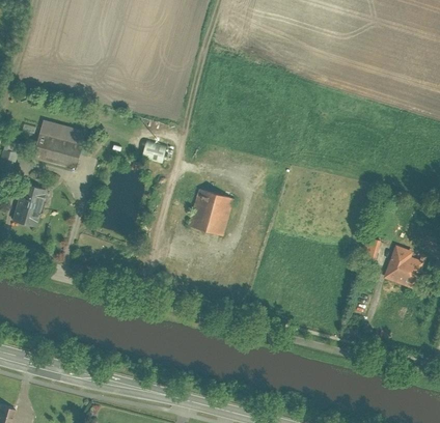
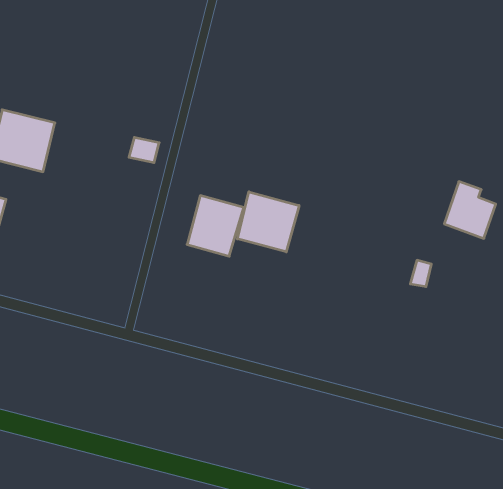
building: none -> [237,192,299,252]
building: [383,244,423,288] -> [444,182,496,238]

